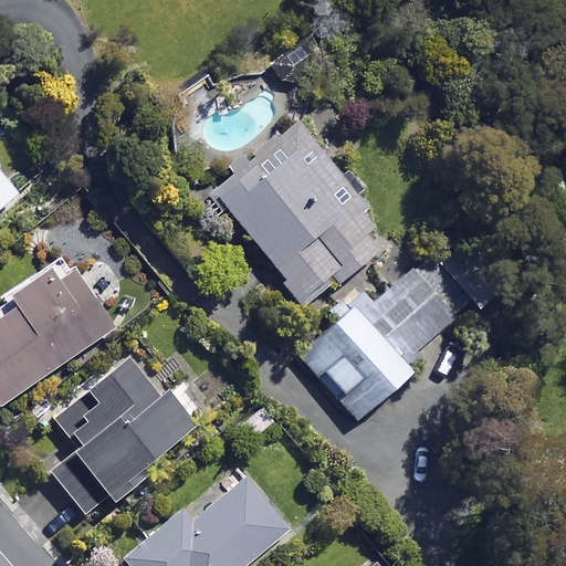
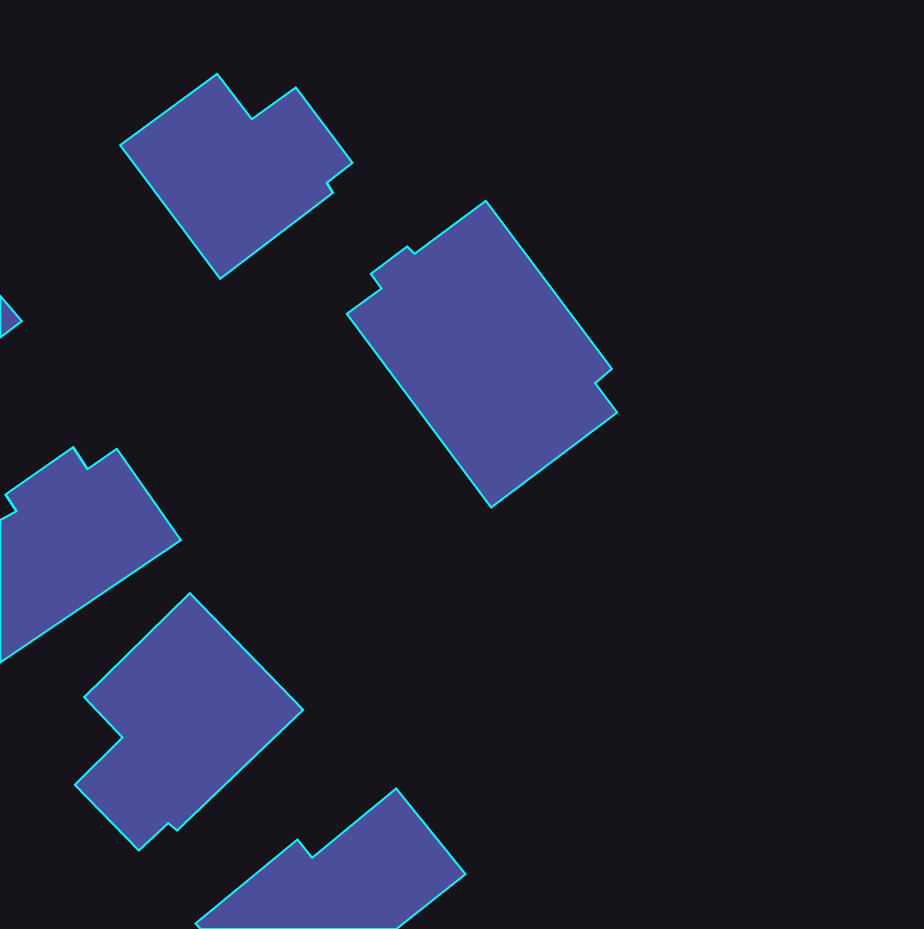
building: none -> [120,74,352,279]
building: [298,252,481,419] -> none

